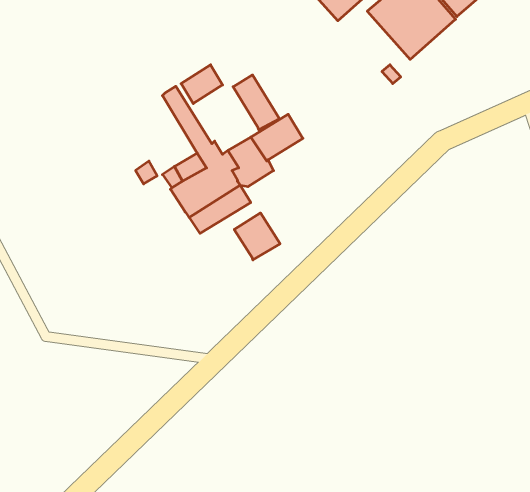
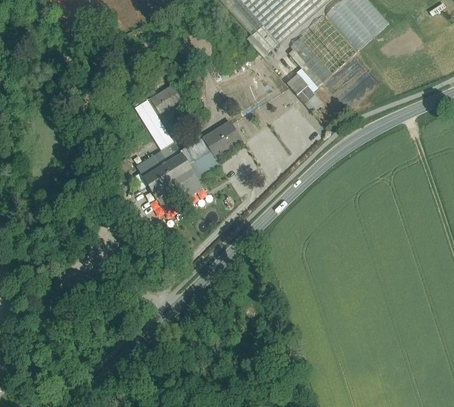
building: [233,75,280,130] -> none
building: [234,213,280,260] -> none

